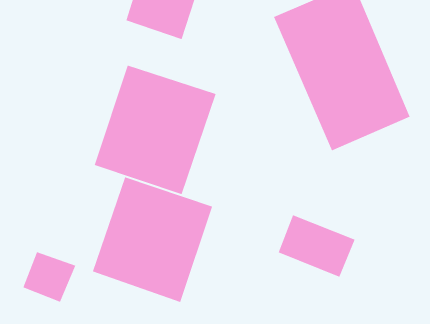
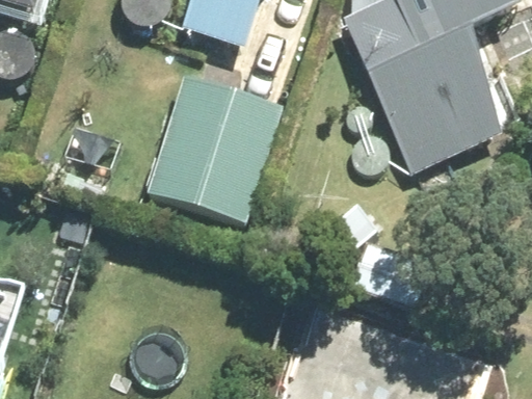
building: [92,177,213,303] -> none

